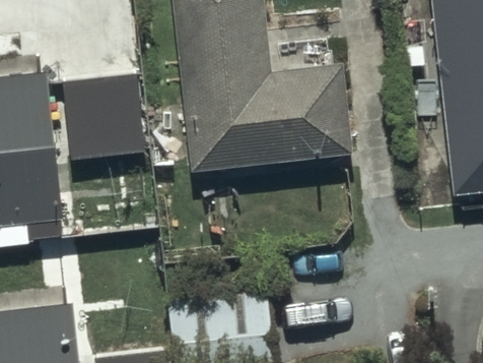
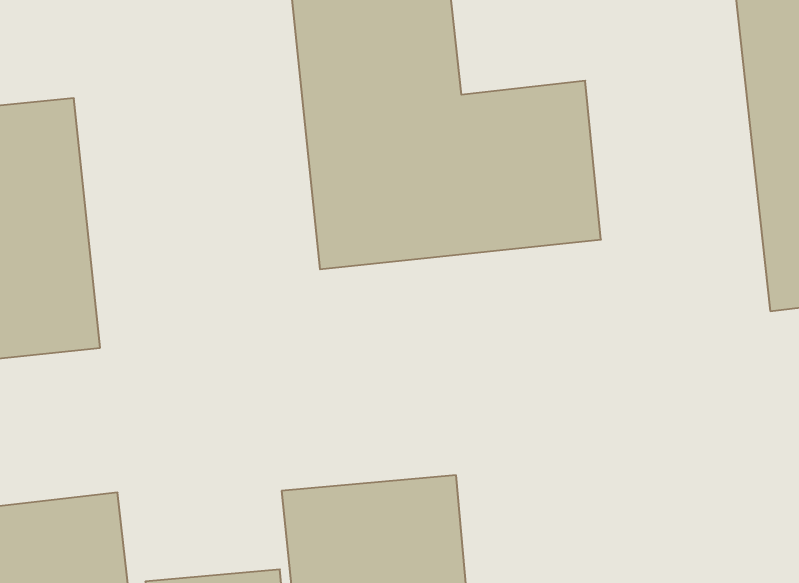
building: [64,74,147,157] -> none

